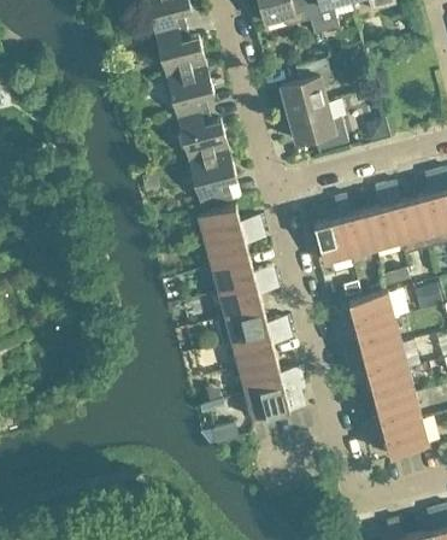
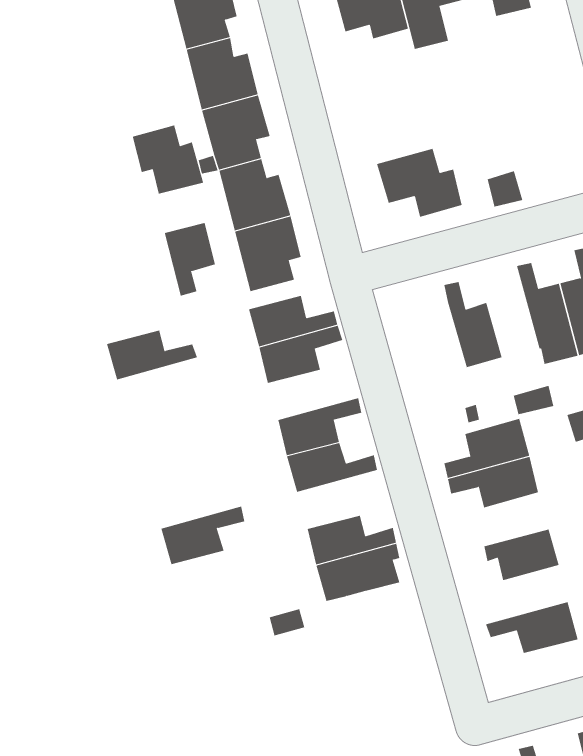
building: [280,60,331,116] -> none
building: none -> [132,125,204,195]
building: none -> [164,222,215,297]
building: [364,187,400,251] -> none
building: [313,212,349,265] -> none
building: [211,259,275,294] -> [106,330,198,380]
building: [231,329,290,370] -> [160,506,245,565]
building: [347,345,407,386] -> none
building: [360,395,420,436] -> none

